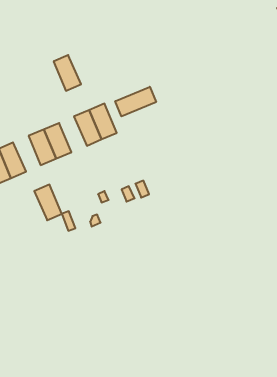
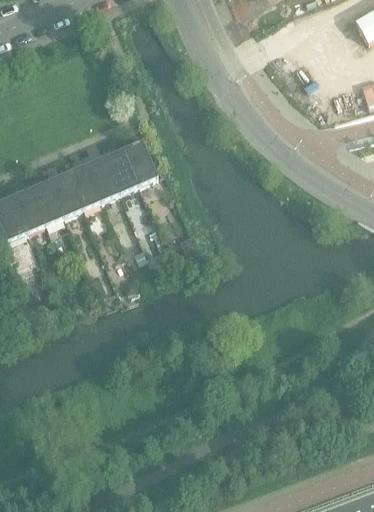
building: [54,55,81,91] -> [86,156,120,200]
building: [115,87,156,116] -> none
building: [34,185,62,220] -> [29,180,63,224]

